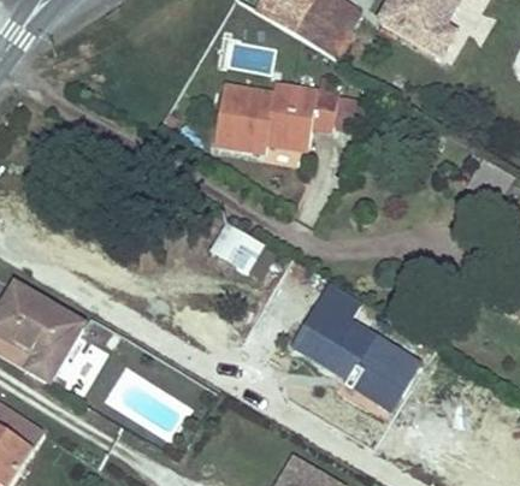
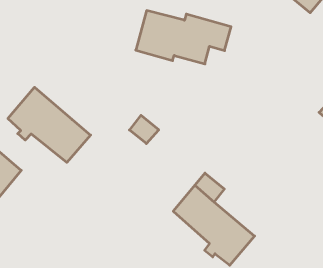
building: none -> [8,87,91,162]

